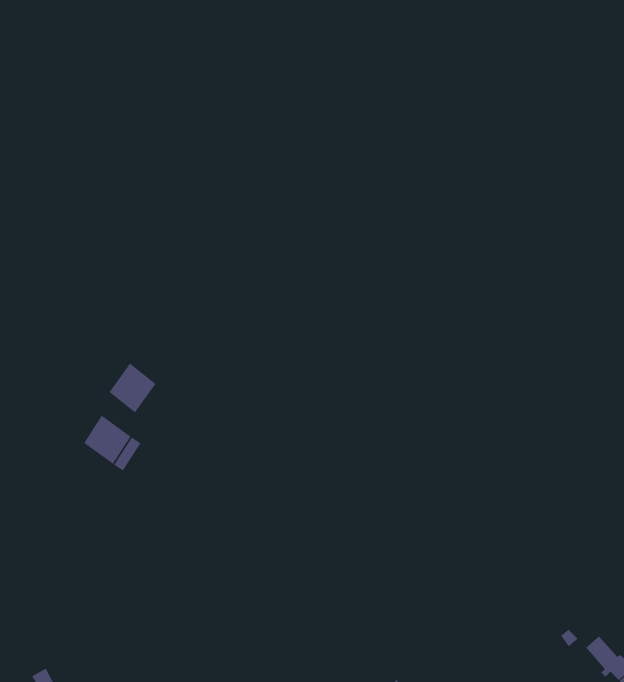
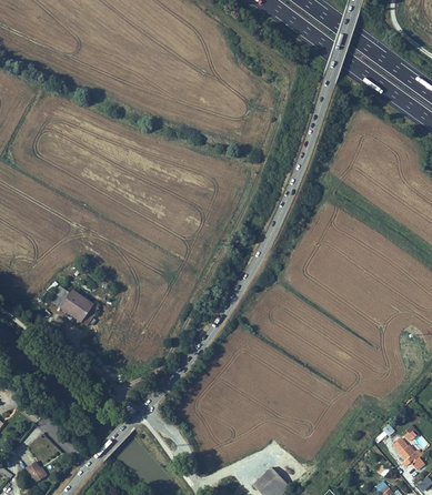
building: [108,362,157,414] -> none

